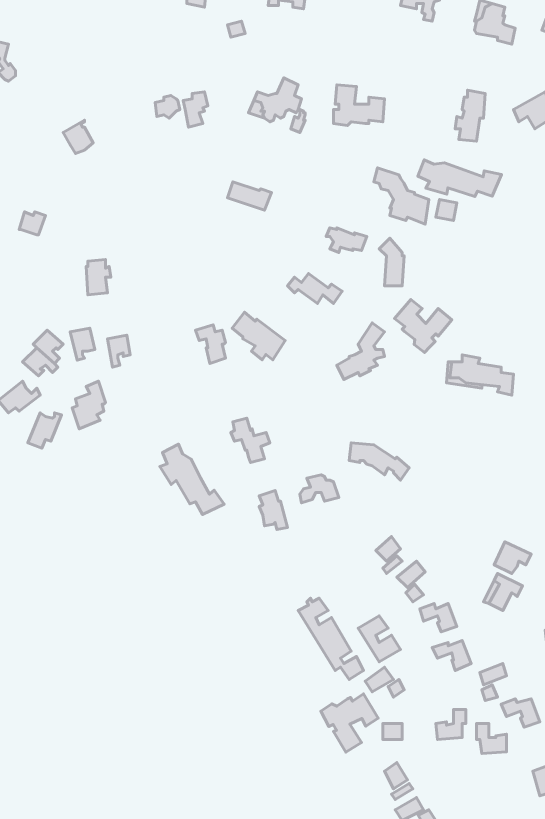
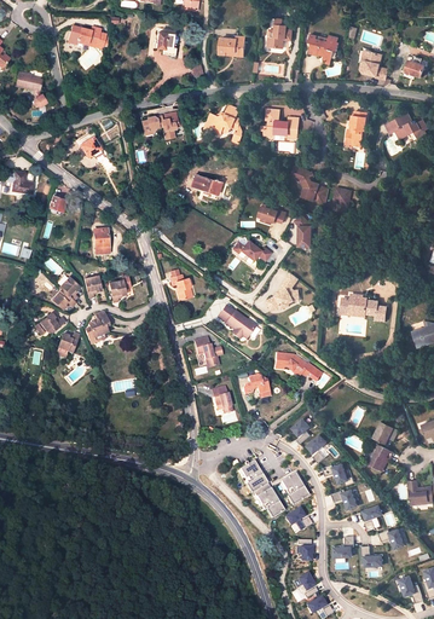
building: [418,160,501,196] -> none
building: [395,300,452,352] -> none
building: [232,312,285,360] -> [216,306,253,339]
building: [160,444,224,514] -> none
building: [321,694,378,752] -> none

